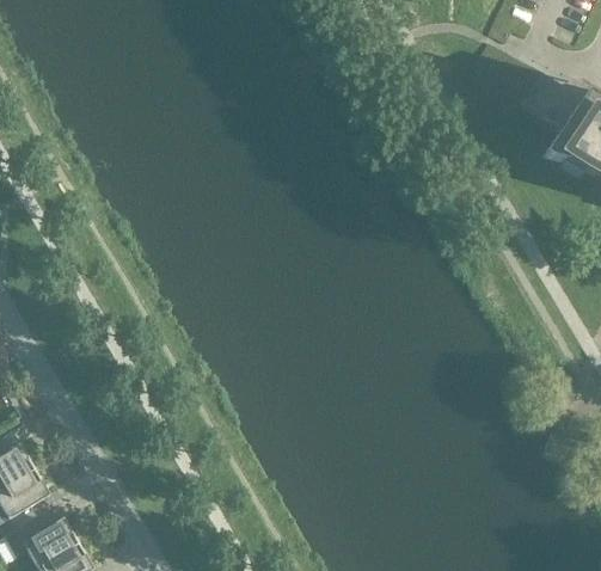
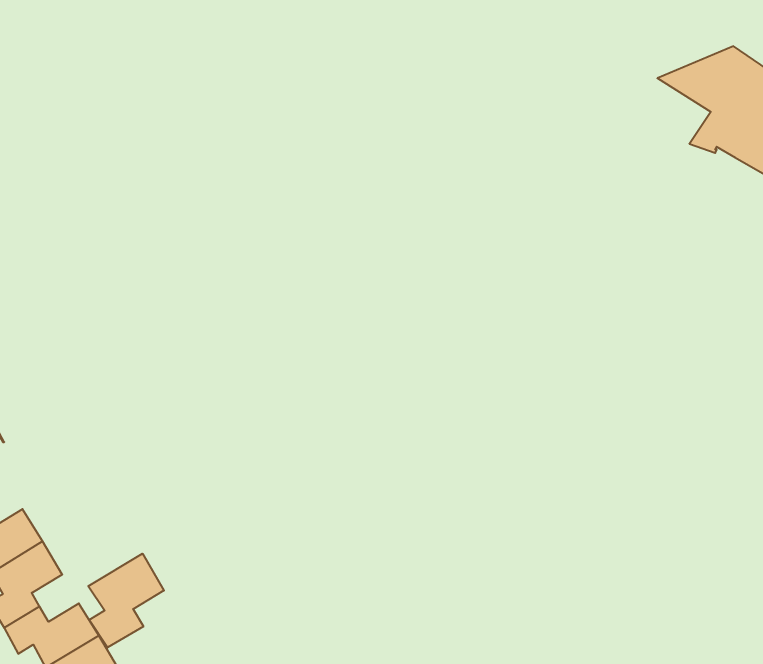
building: none -> [88,554,164,648]

